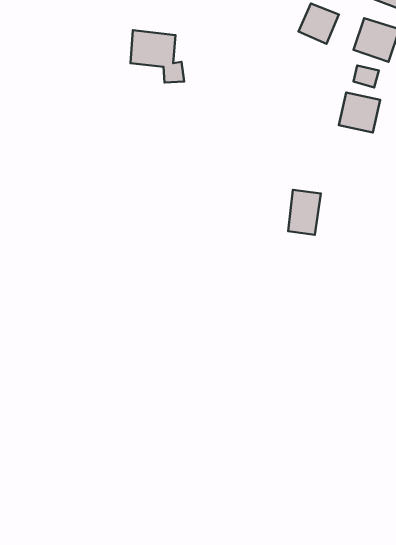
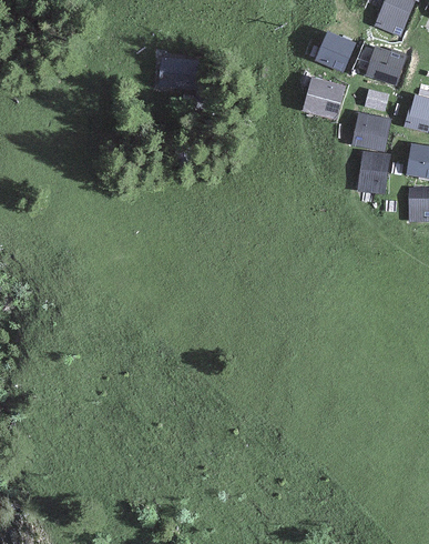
building: none -> [306,75,343,117]
building: [288,190,321,235] -> [358,152,388,193]

